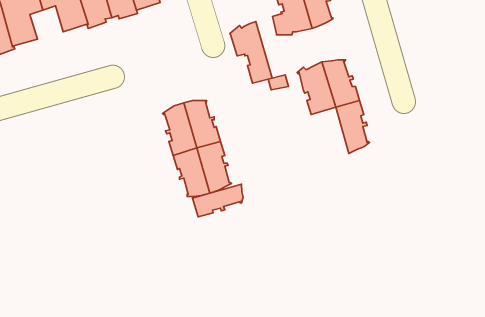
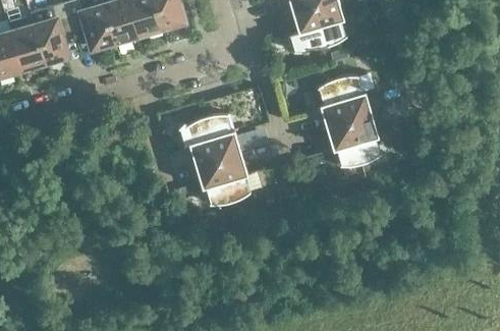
building: [230,21,272,83] -> none
building: none -> [326,120,362,166]
building: [193,184,243,217] -> none

